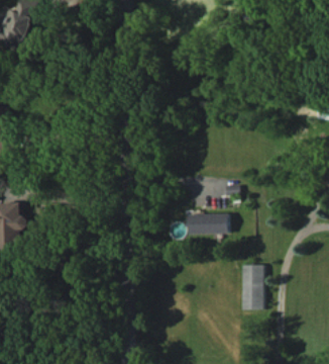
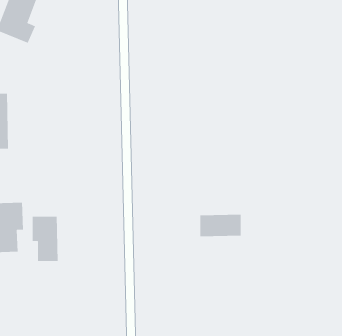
building: none -> [32,216,58,262]
building: [239,265,260,309] -> none

